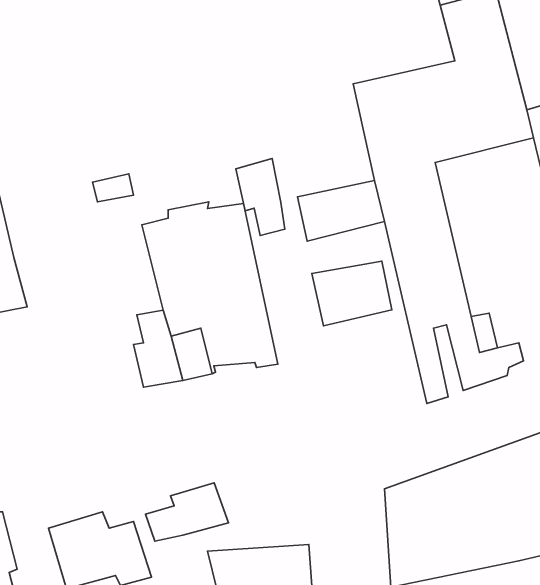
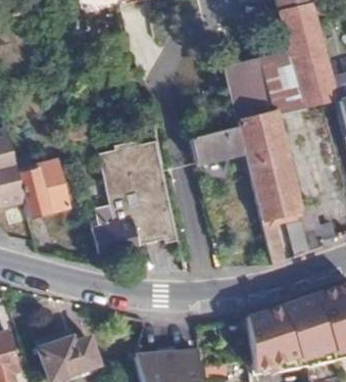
building: [236,158,285,236] -> none
building: none -> [16,159,67,217]
building: [312,261,392,326] -> none
building: [146,483,229,541] -> none

